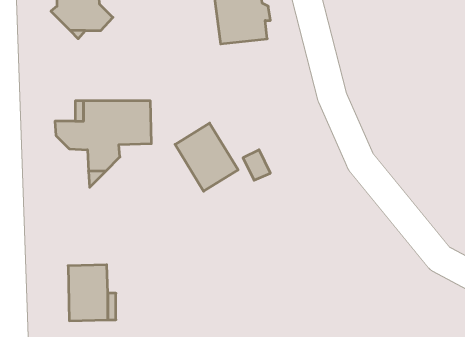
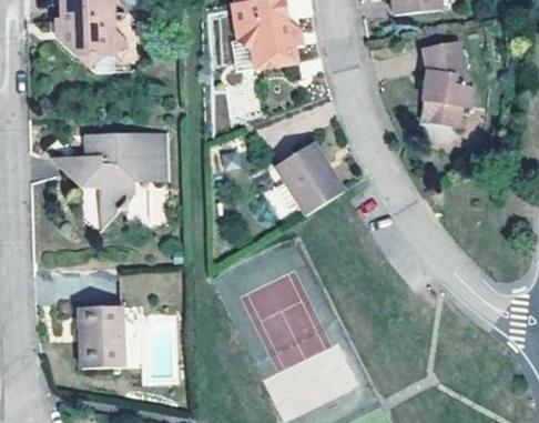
building: none -> [416,42,478,132]
building: [175,123,238,191] -> [279,139,348,213]

